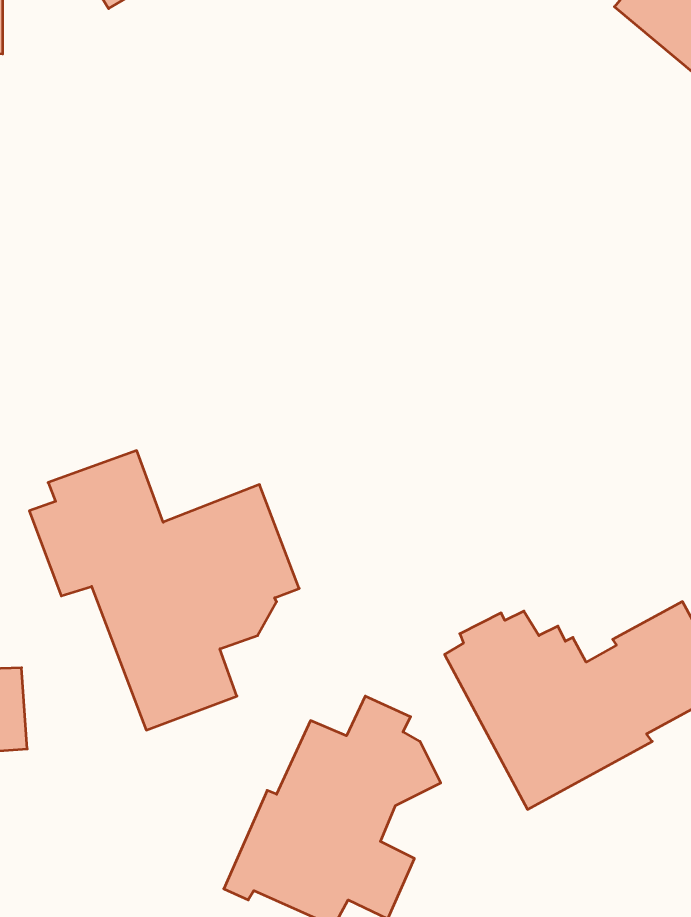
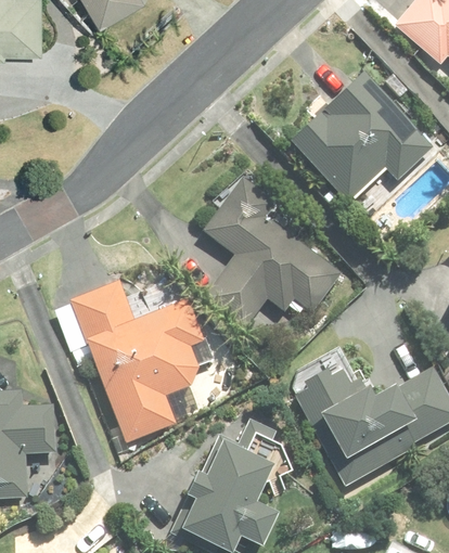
building: none -> [291,74,433,201]
building: none -> [202,177,341,327]

